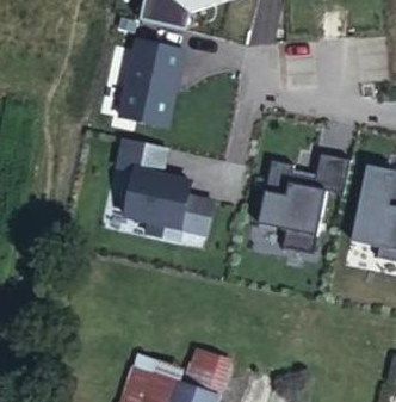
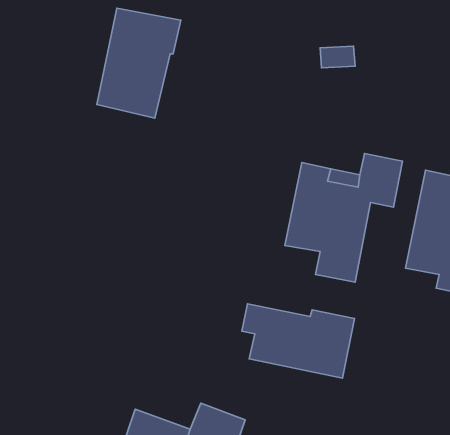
building: [116,140,214,242] -> none
building: none -> [242,304,355,378]

